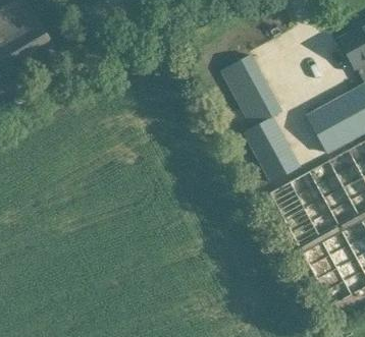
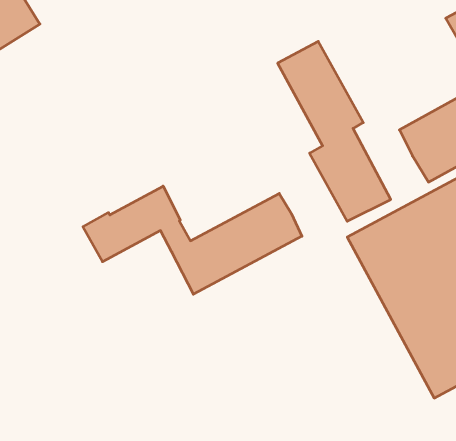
building: none -> [83,186,302,294]

